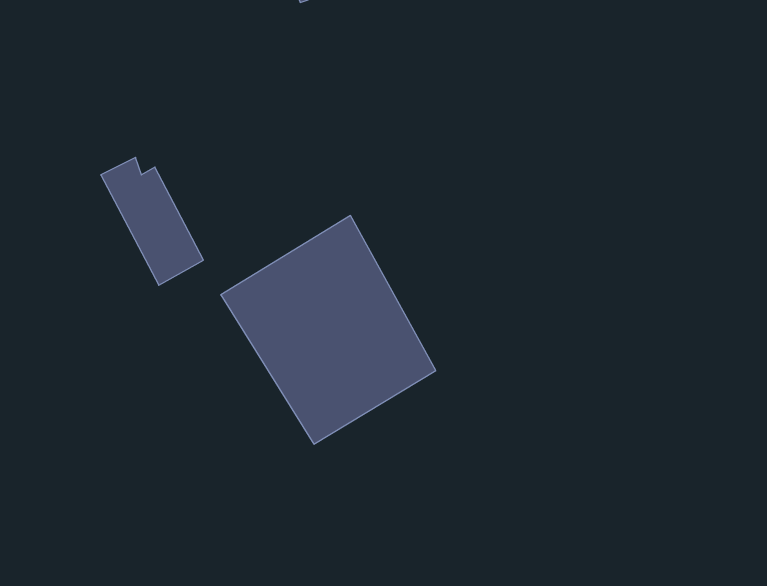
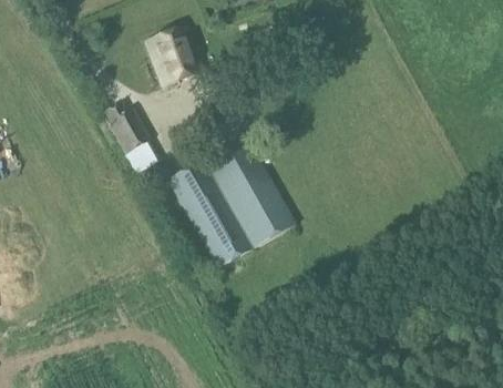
building: none -> [142,27,201,86]

